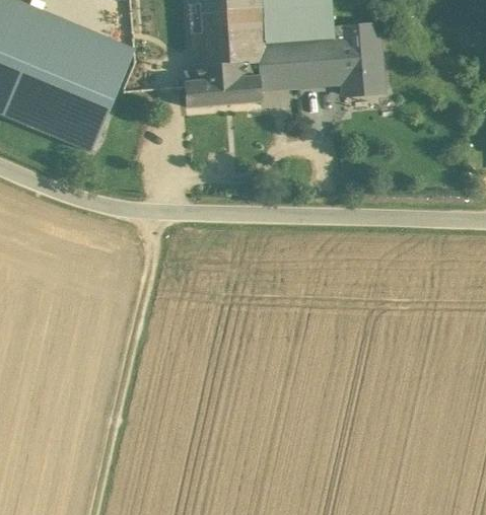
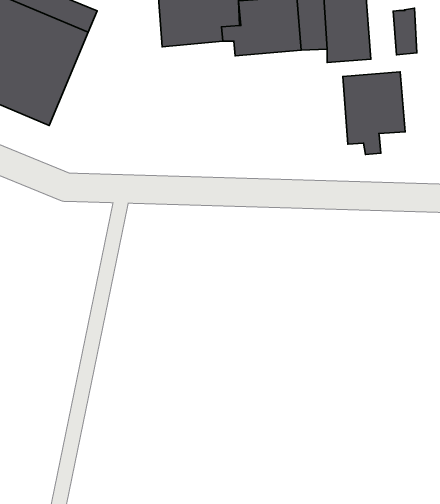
building: none -> [393,8,417,55]
building: [184,75,261,106] -> none
building: none -> [343,72,405,154]

